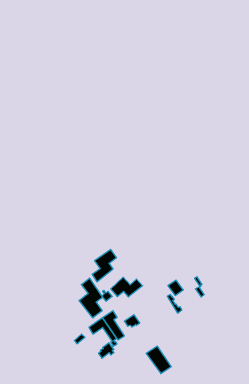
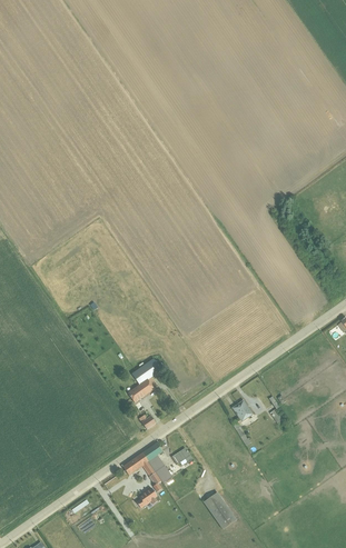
building: [111,277,143,297] -> none
building: [79,278,103,318] -> none

